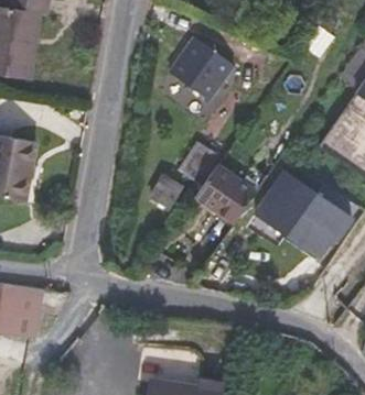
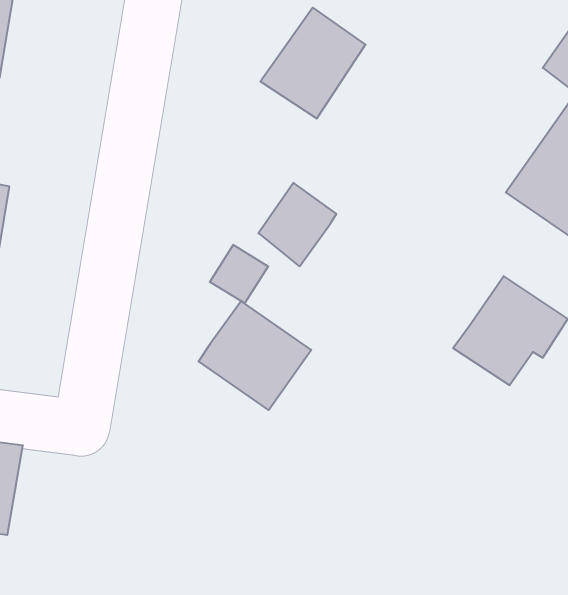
building: [194,164,258,226] -> [198,301,311,410]
building: [260,168,316,222] -> none

